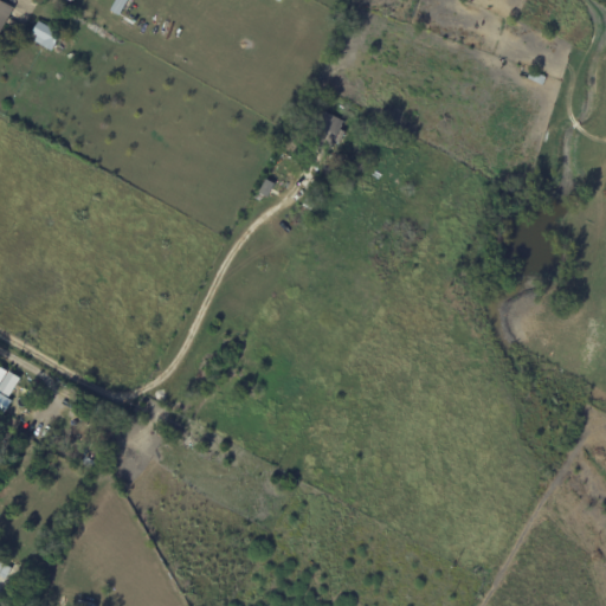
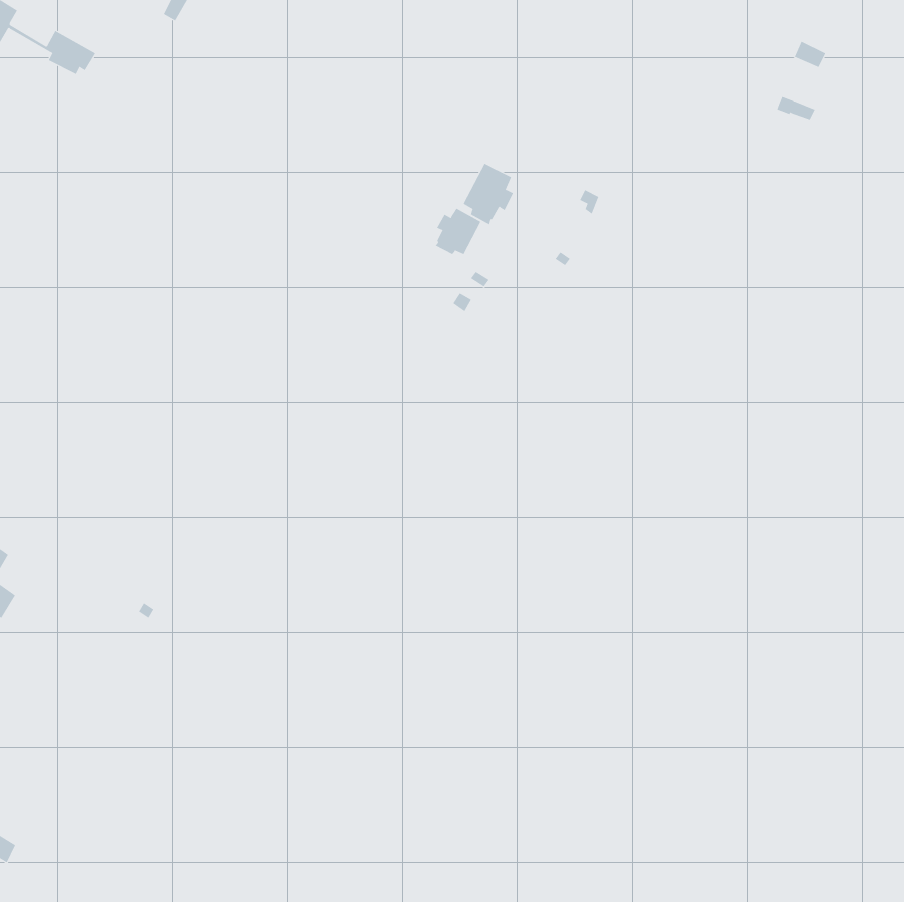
building: none -> [435,208,481,255]

